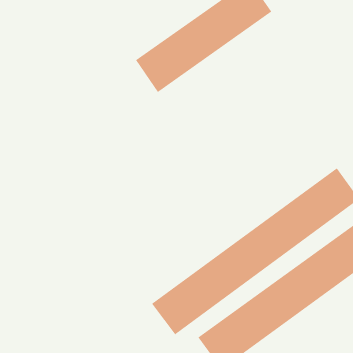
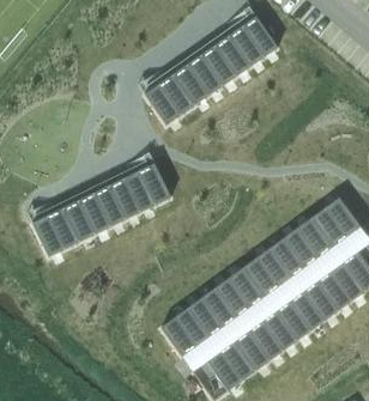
building: none -> [31,163,169,256]

